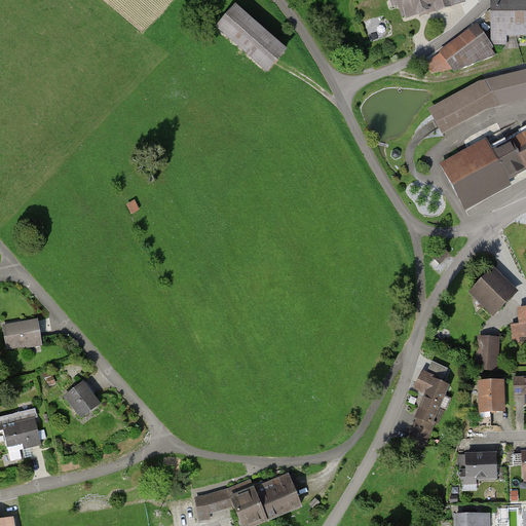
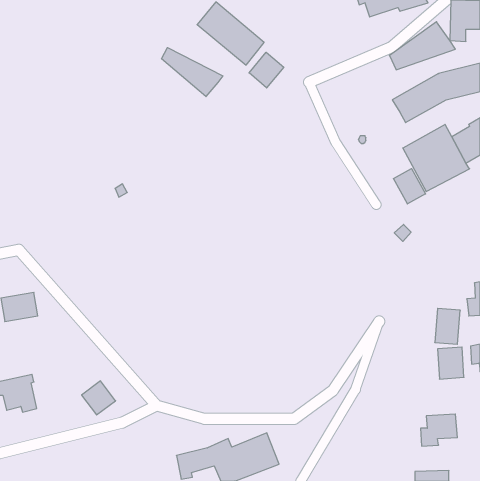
building: none -> [162,48,223,97]
building: none -> [249,52,284,88]
building: none -> [393,169,426,204]
building: [468,267,519,316] -> none
building: [407,362,453,447] -> none
building: [63,381,100,418] -> [82,381,116,415]

